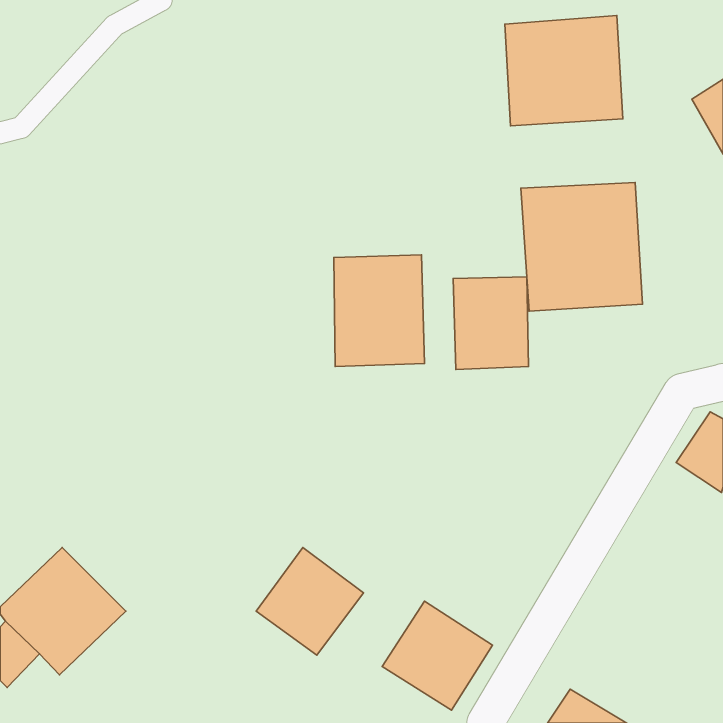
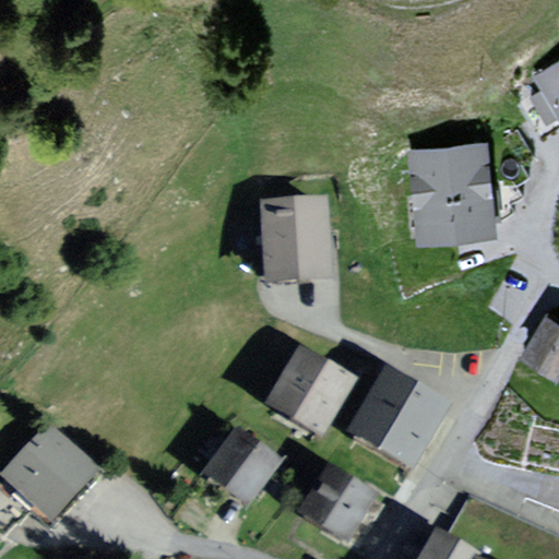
building: [505,15,623,126] -> none
building: [453,277,529,370] -> none
building: none -> [270,342,368,440]
building: none -> [350,367,457,472]

